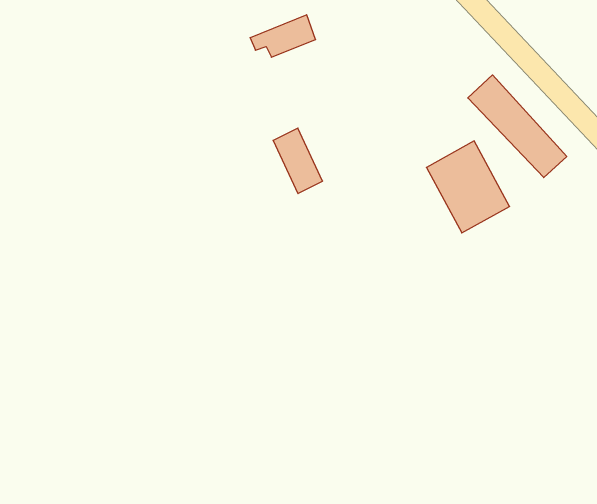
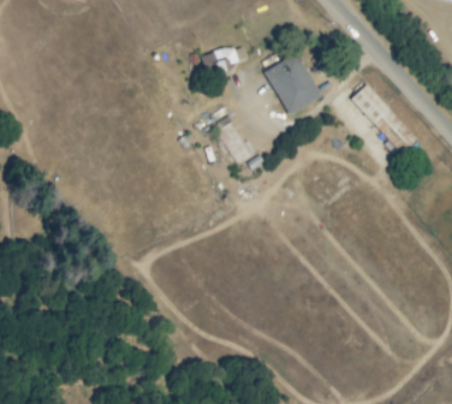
building: [426,141,510,233] -> [266,53,322,115]

